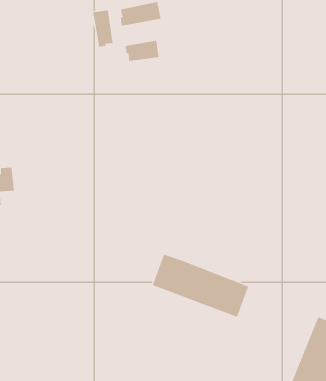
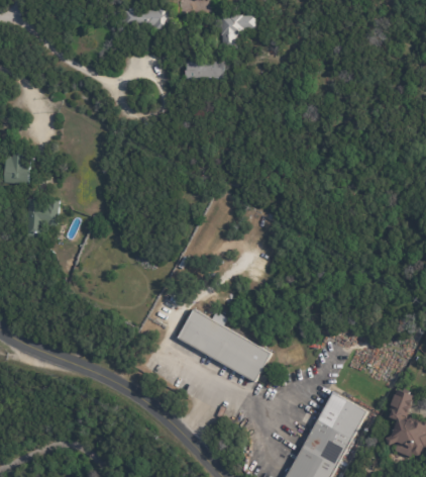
building: [92,9,113,48] -> none
building: [124,40,159,62] -> none

